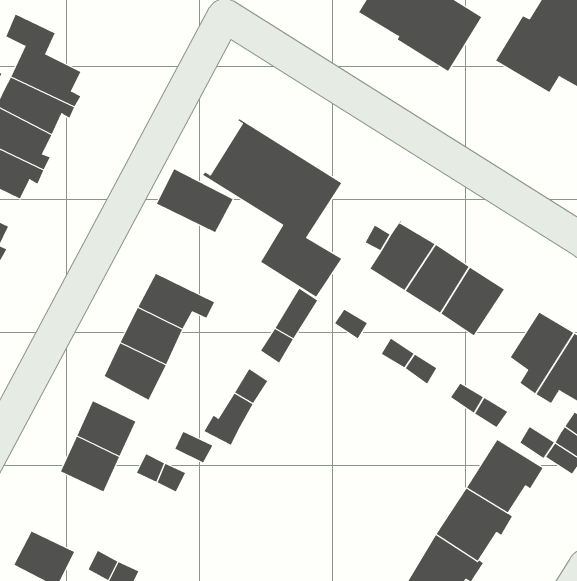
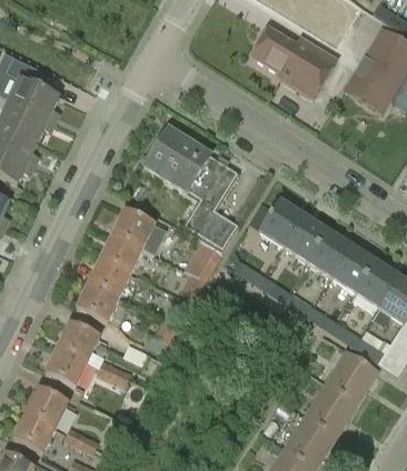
building: [156,169,233,233] -> [110,210,163,254]
building: none -> [330,245,375,292]
building: none -> [24,388,67,427]

